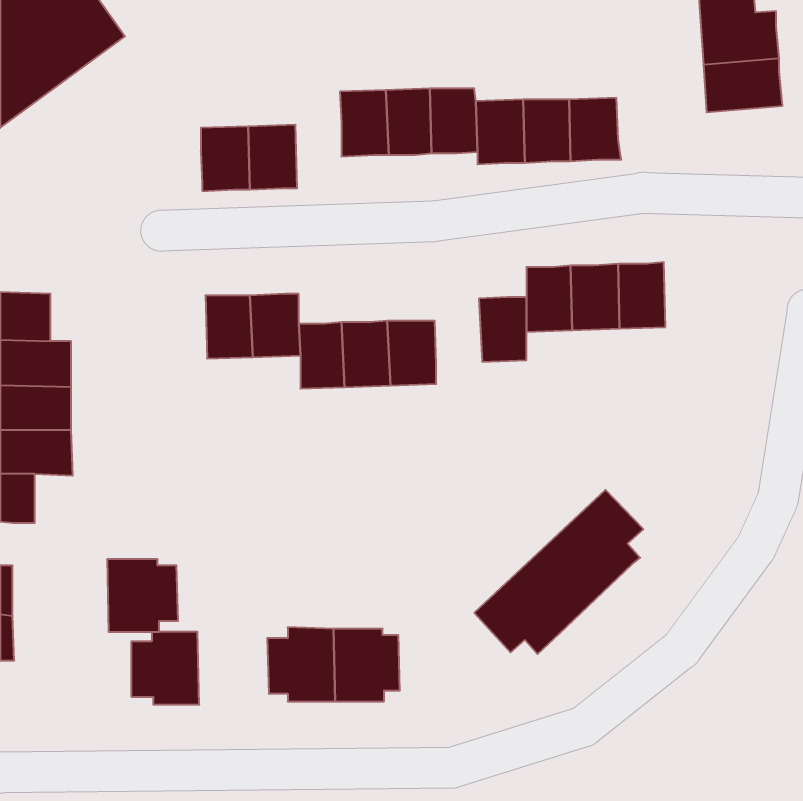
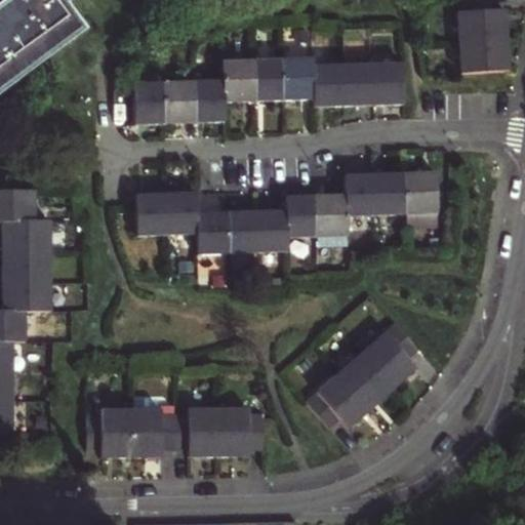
building: none -> [195,80,226,122]
building: none -> [285,194,316,236]
building: [107,559,178,632] -> [131,410,177,457]

